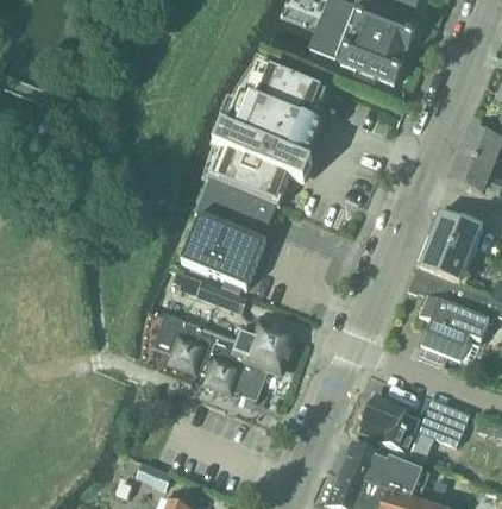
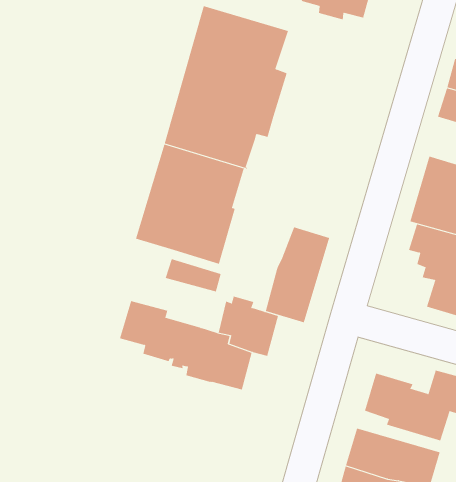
building: none -> [265,227,330,323]

